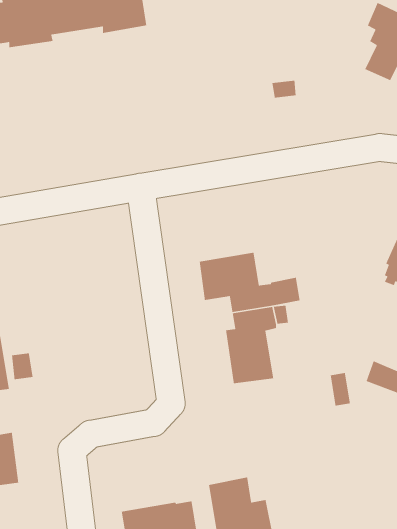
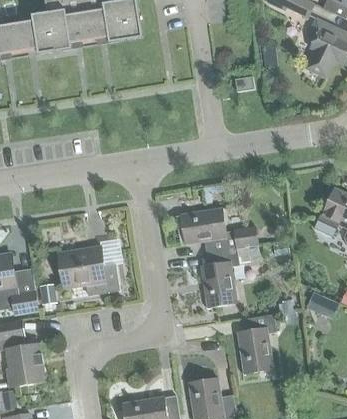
building: none -> [60,246,119,295]
building: none -> [237,314,275,373]

